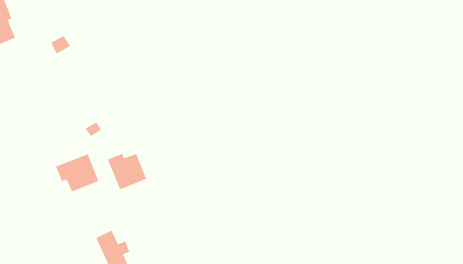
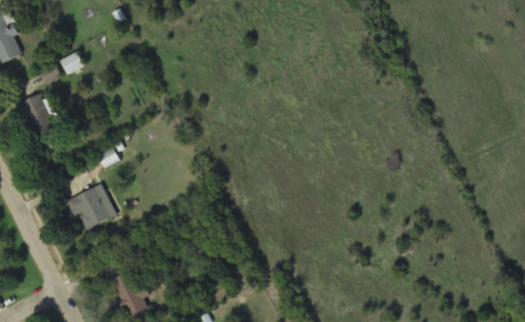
building: none -> [19,95,60,153]
building: [107,153,147,190] -> none

